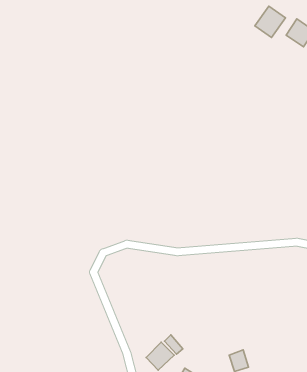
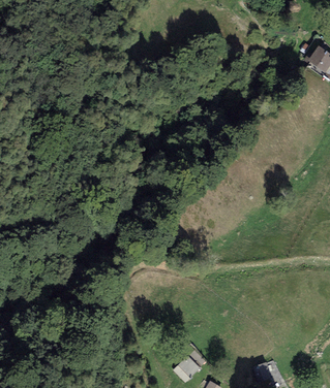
building: [255,6,285,37] -> none

